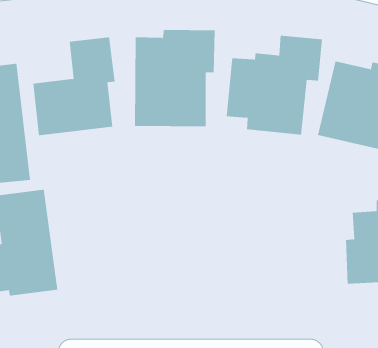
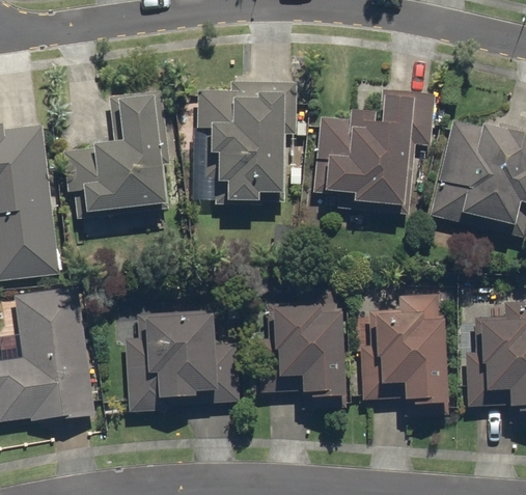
building: none -> [258,276,345,409]
building: none -> [360,292,450,416]
building: none -> [123,308,241,411]

